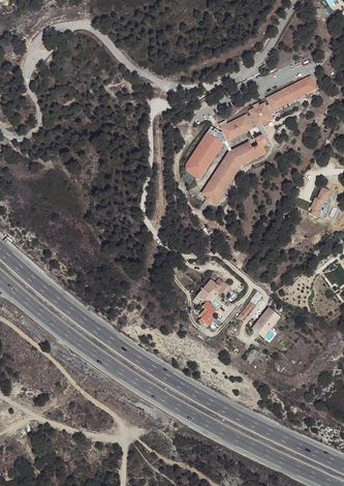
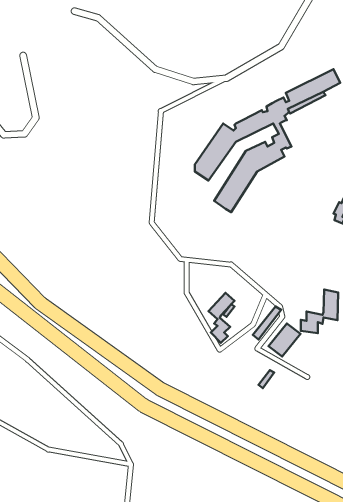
building: none -> [301,290,338,333]

